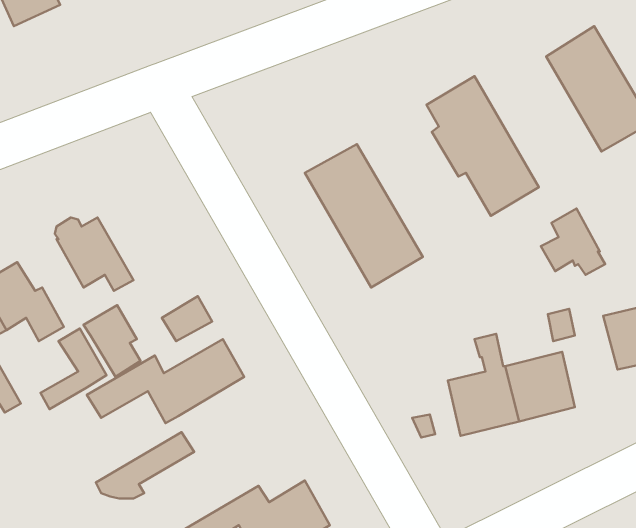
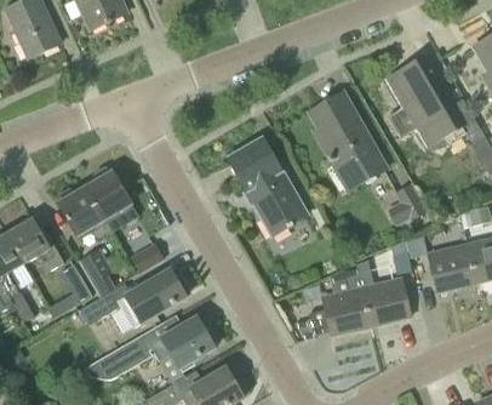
building: none -> [86,172,131,230]
building: none -> [143,316,214,367]

